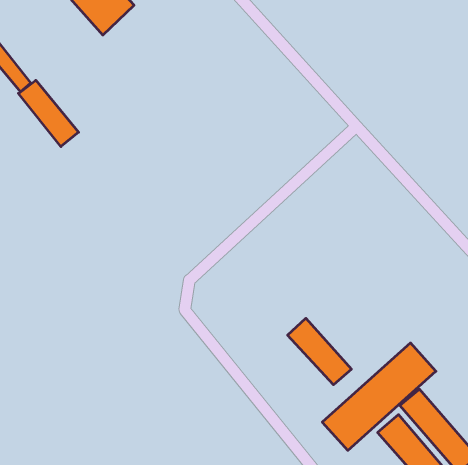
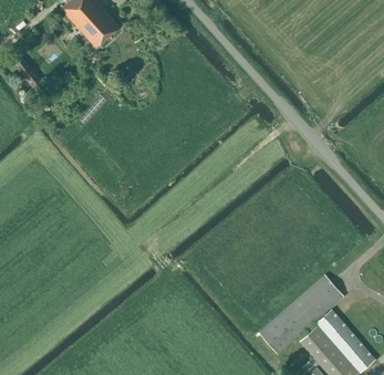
building: [18,80,79,147] -> none
building: [288,318,351,385] -> none

